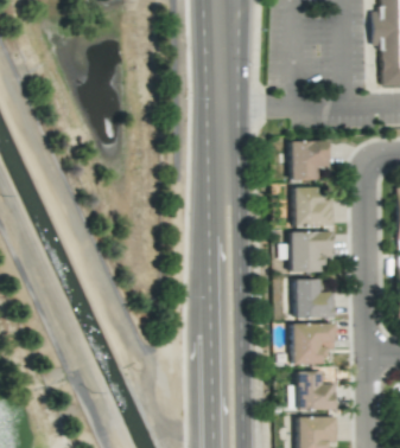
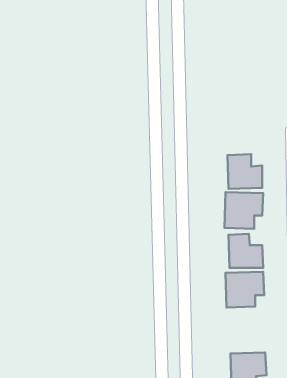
building: [291,141,332,181] -> none
building: [291,372,339,411] -> none

